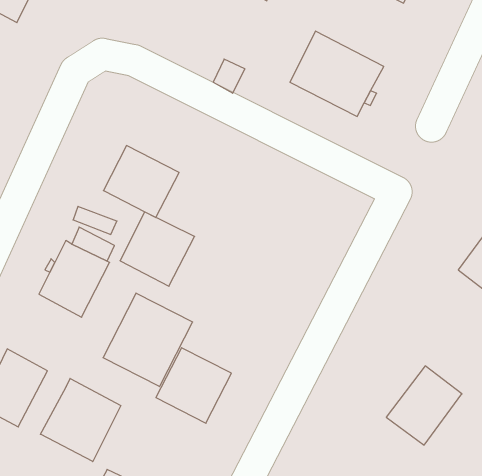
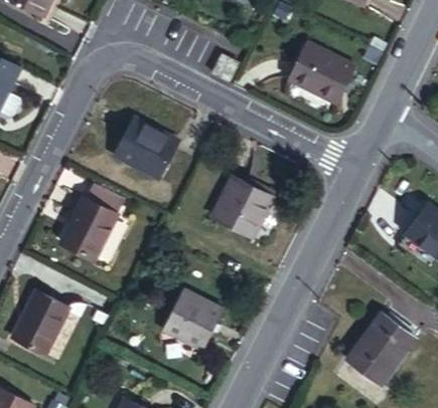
building: [120,212,195,286] -> [209,177,271,238]
building: [103,293,193,387] -> none
building: [40,378,121,462] -> none

